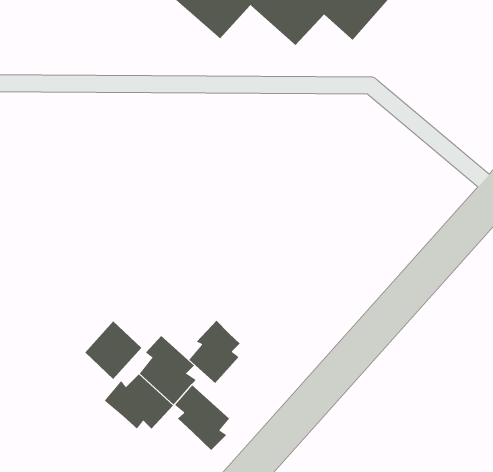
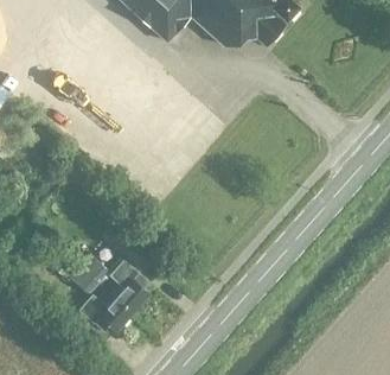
building: [188,320,241,384] -> none
building: [174,384,230,451] -> none

